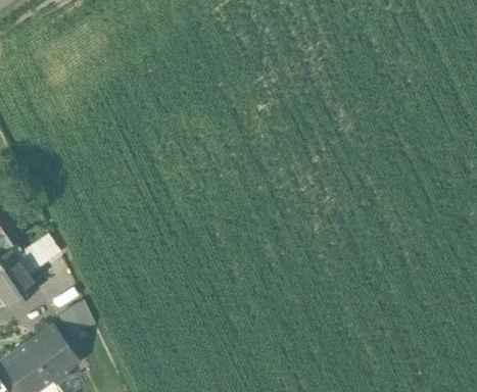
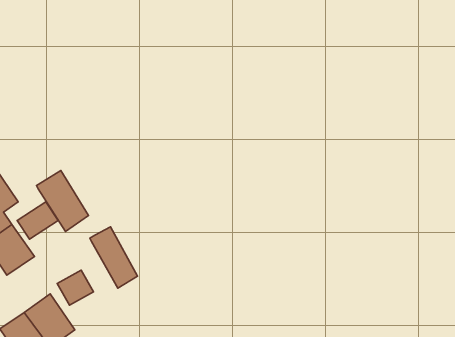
building: none -> [37,170,89,231]
building: none -> [90,227,137,288]

